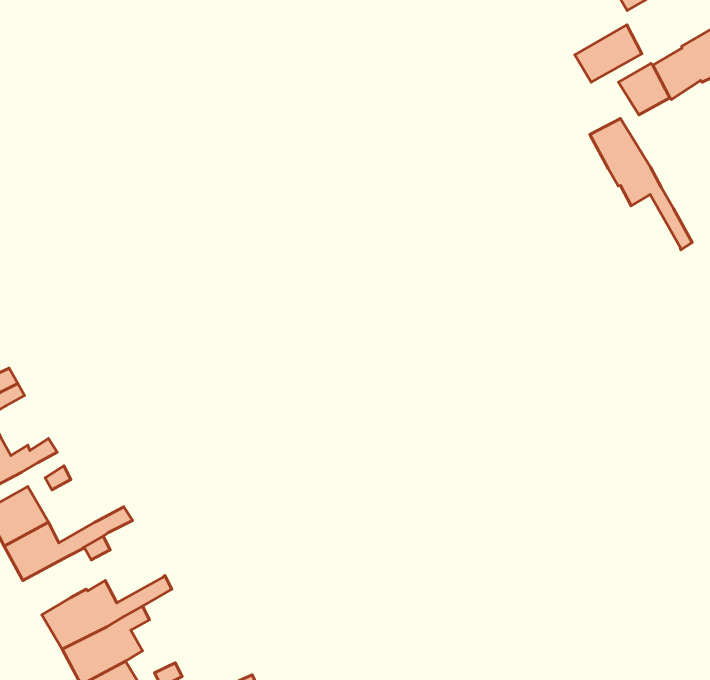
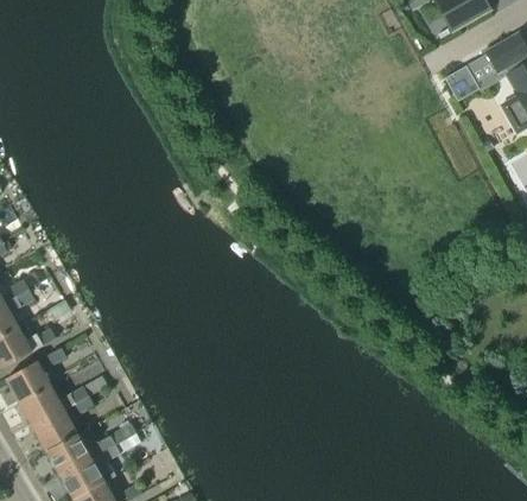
building: [575,25,642,82] -> none
building: [590,119,692,250] -> none
building: none -> [31,410,75,450]

